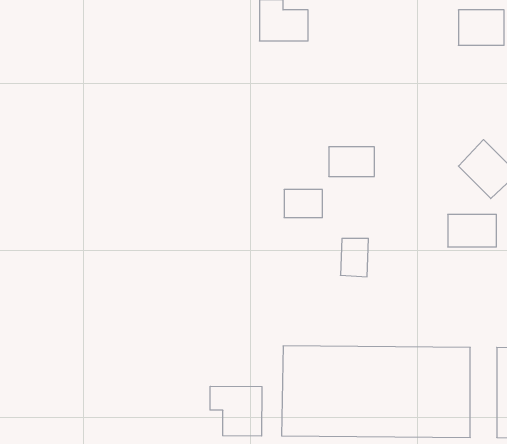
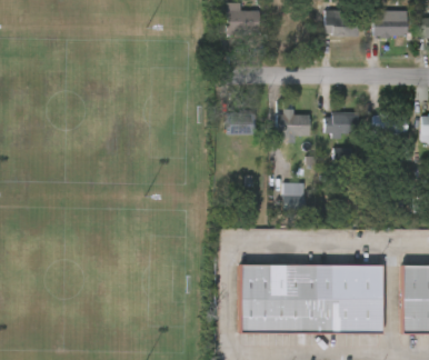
building: none -> [322,10,358,36]
building: [284,190,322,218] -> [225,112,253,133]
building: [448,214,496,247] -> [322,111,359,136]
building: [210,386,262,436] -> none

